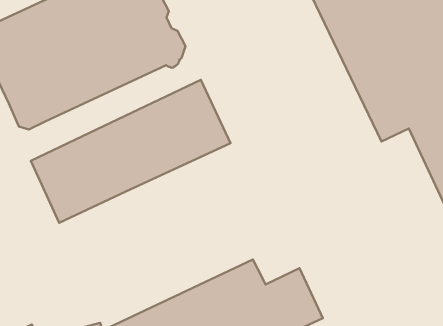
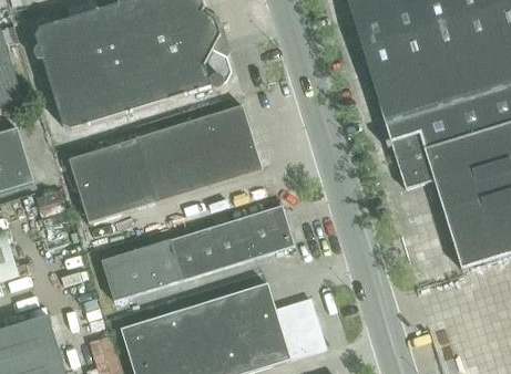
building: none -> [102,204,296,300]

